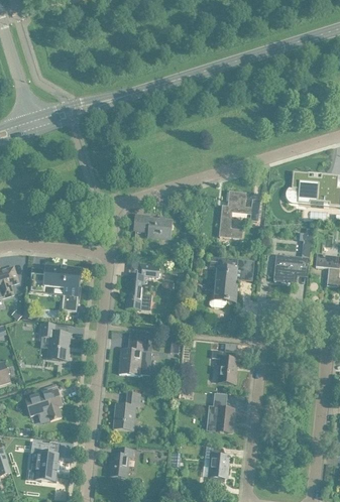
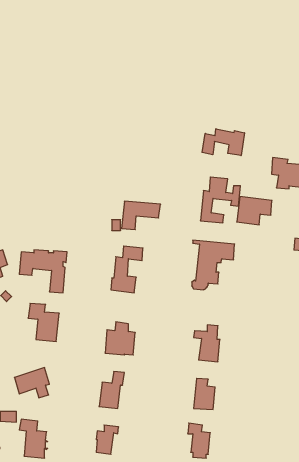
building: none -> [202,129,244,156]
building: [272,254,309,283] -> [237,197,272,225]

